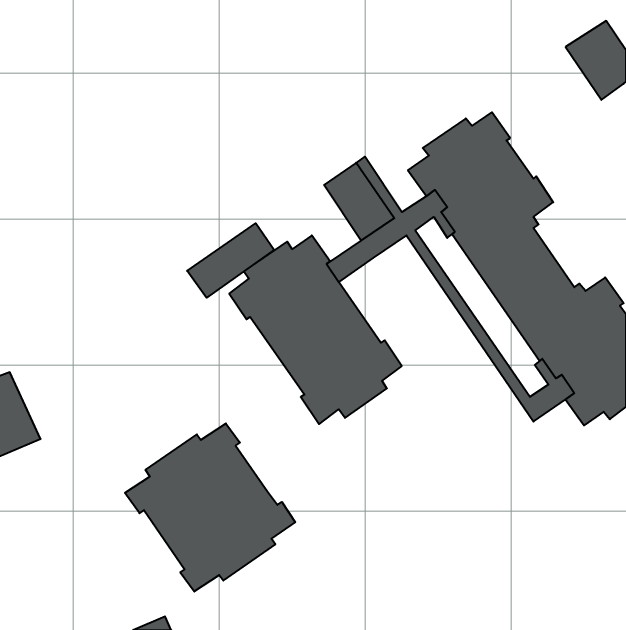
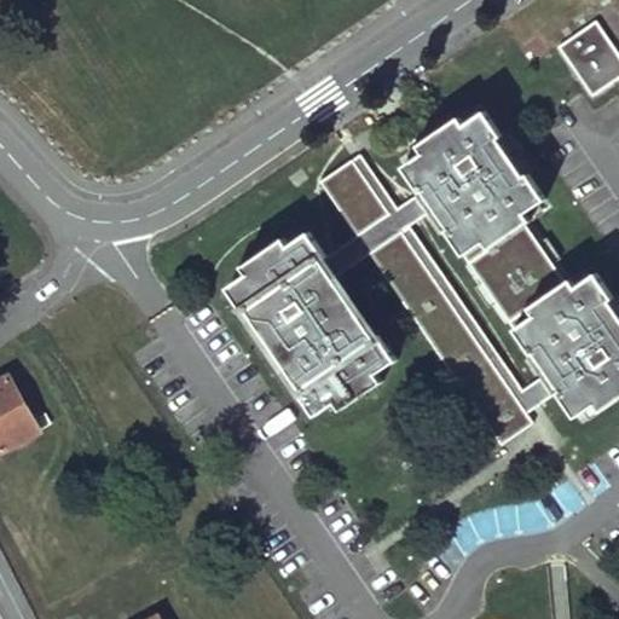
building: [187,223,274,298] -> none
building: none -> [366,231,531,445]
building: [125,423,295,592] -> none

